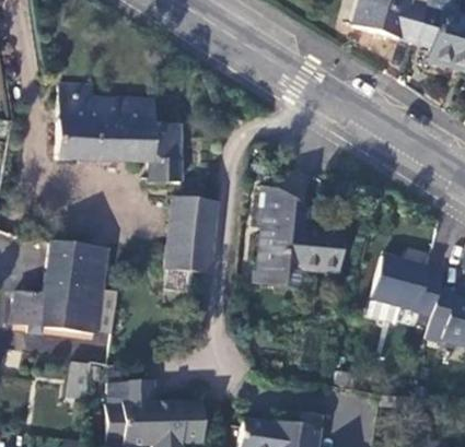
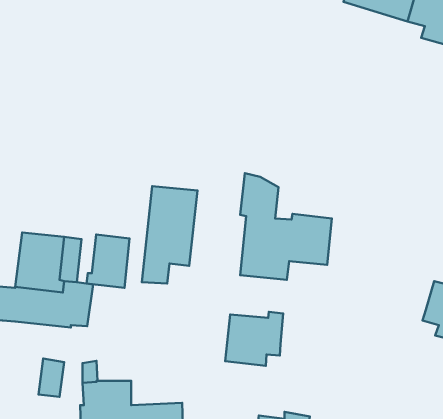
building: [56,84,181,183] -> none
building: none -> [87,234,130,288]
building: [365,256,441,325] -> none
building: none -> [225,312,283,366]

